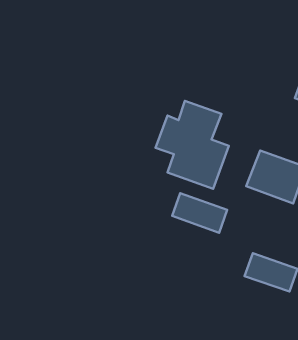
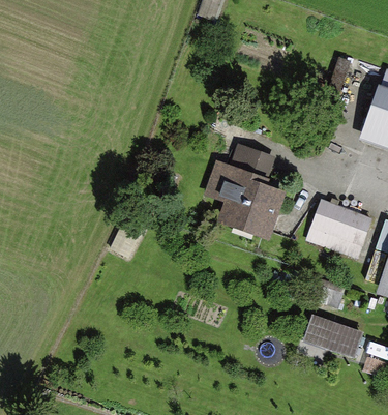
building: [172,193,227,233] -> none

